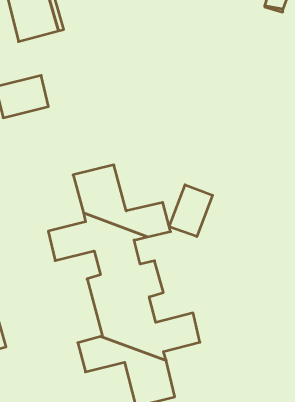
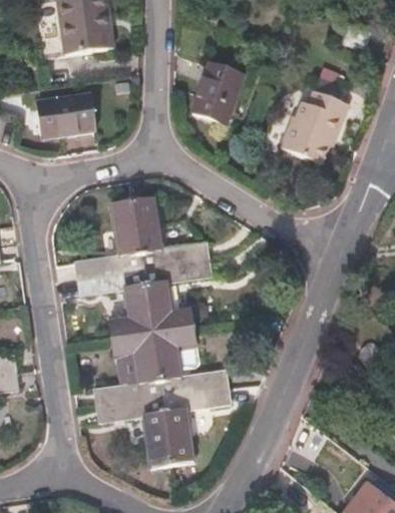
building: none -> [187,61,243,125]
building: none -> [277,91,346,164]
building: [169,185,213,237] -> none

